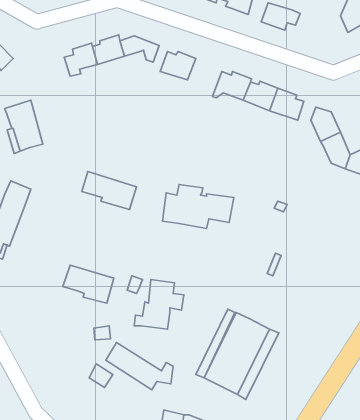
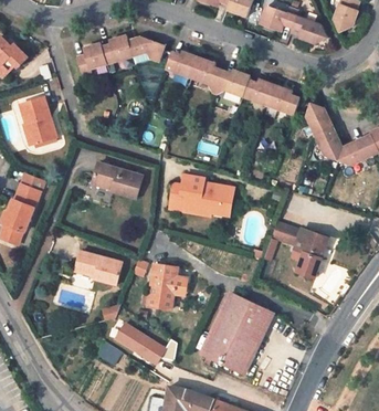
building: none -> [288,15,326,44]
building: none -> [190,56,222,93]
building: none -> [271,221,328,277]

